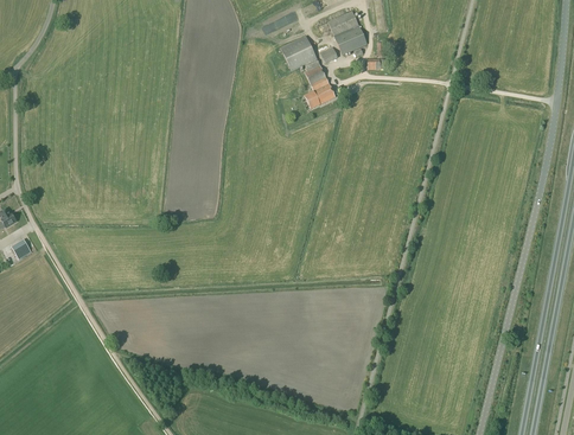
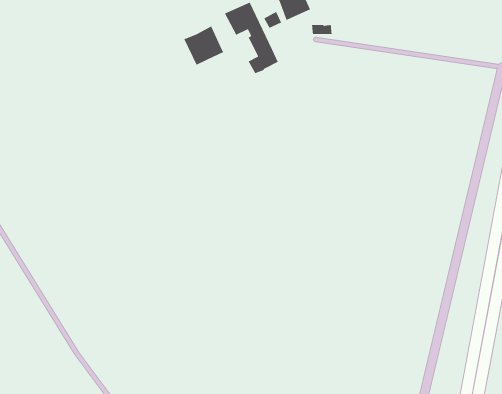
building: none -> [183,26,224,66]

